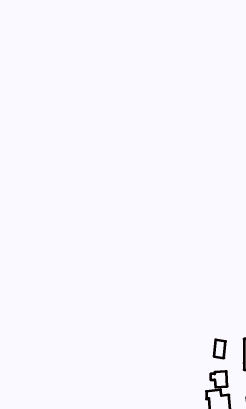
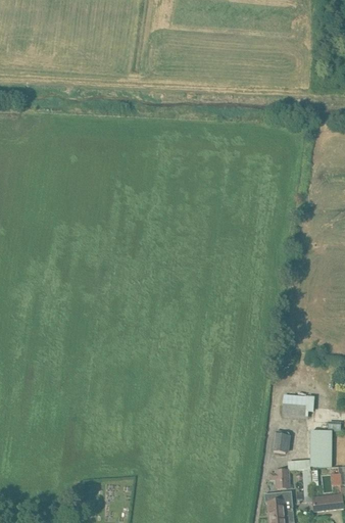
building: none -> [281,396,307,414]

